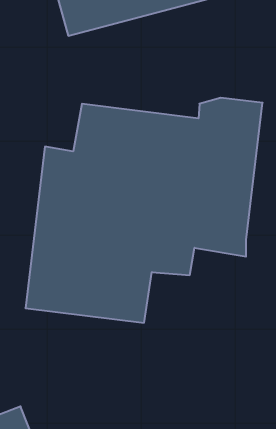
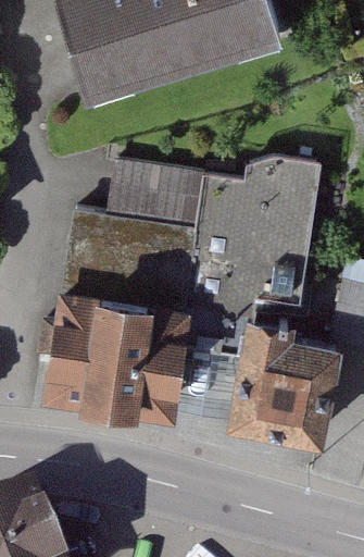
building: none -> [229,337,322,433]

